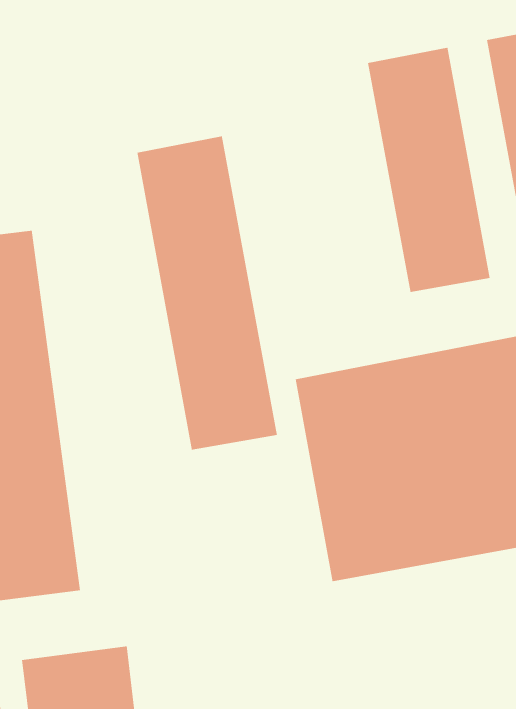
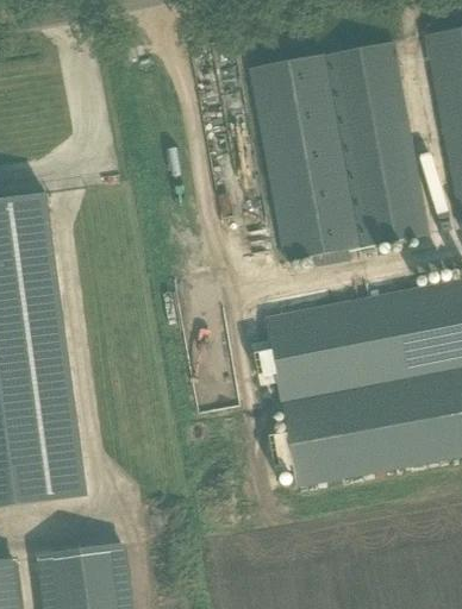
building: none -> [251,54,362,266]
building: [137,135,277,450] -> none

